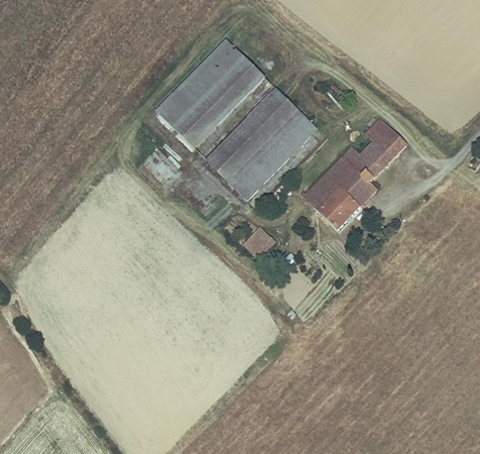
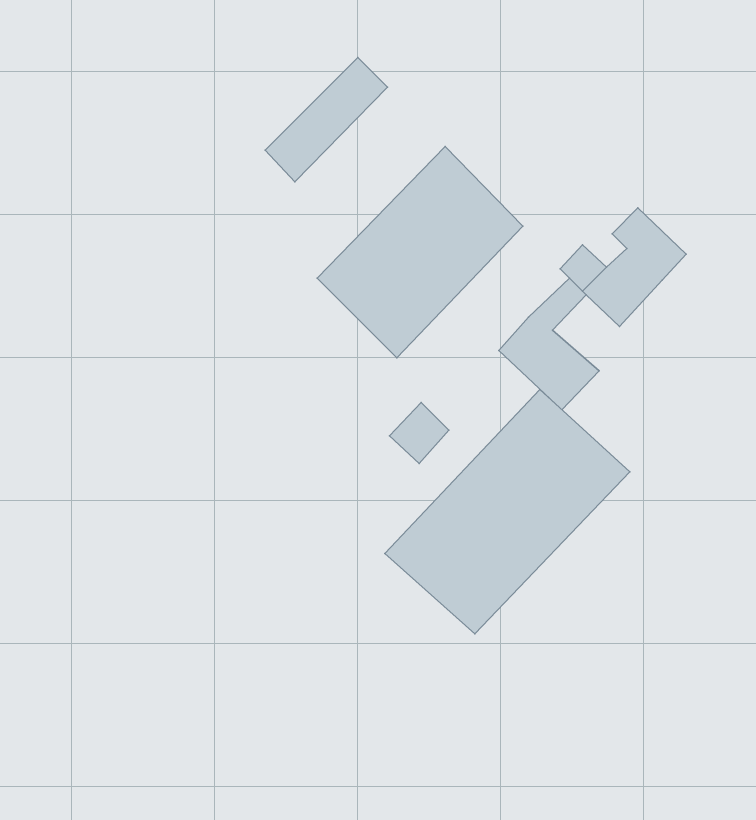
building: [156,54,264,148] -> none
building: [333,167,375,209] -> none
building: none -> [385,390,630,634]

